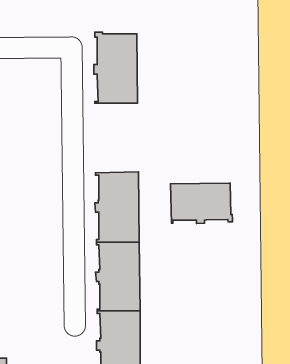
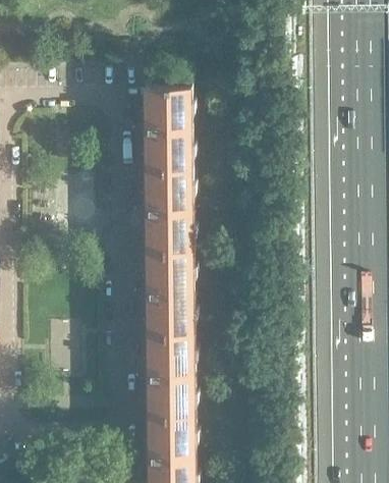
building: none -> [141,171,192,254]
building: [170,183,232,223] -> none

